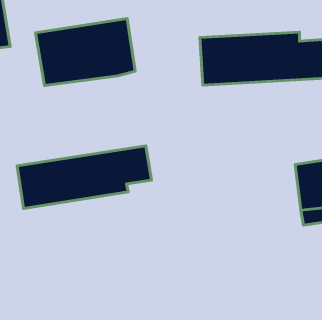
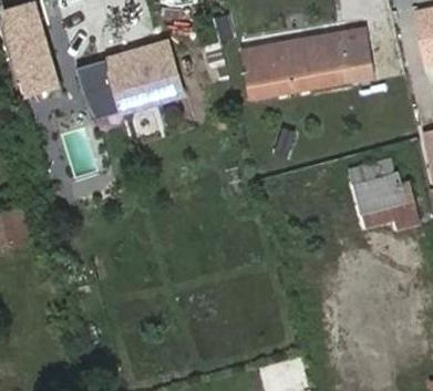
building: [17,146,152,209] -> none

